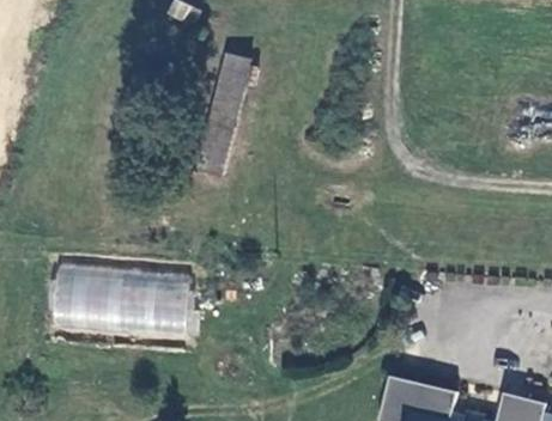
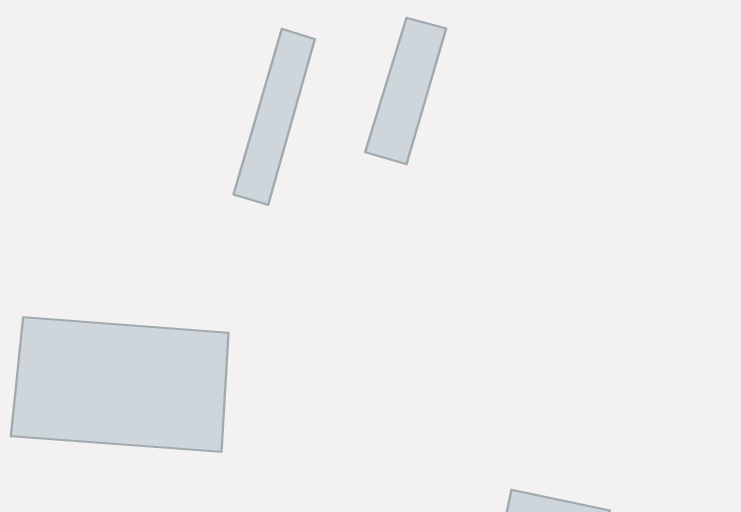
building: none -> [365,18,446,164]

